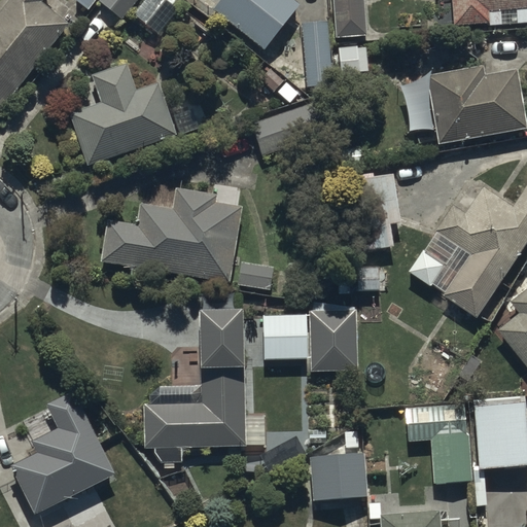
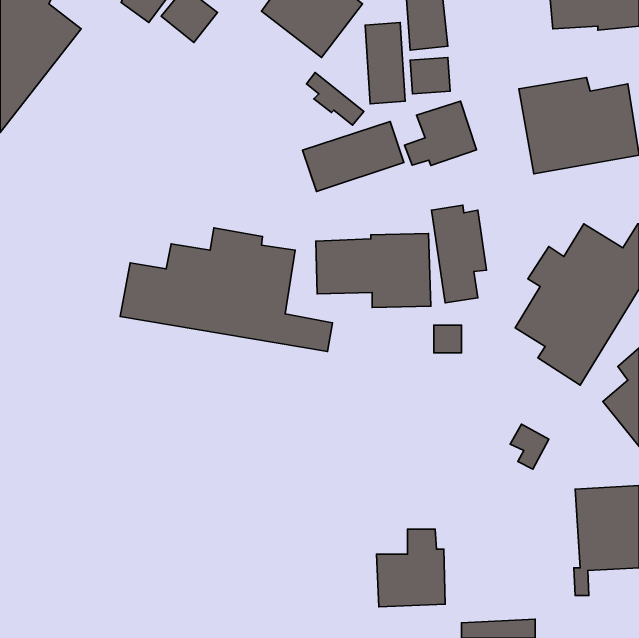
building: [69,62,197,166] -> none
building: none -> [405,101,476,166]
building: [143,309,246,462] -> none
building: [264,310,358,371] -> [316,234,431,307]
building: [12,390,114,512] -> none
building: [406,406,470,482] -> none

